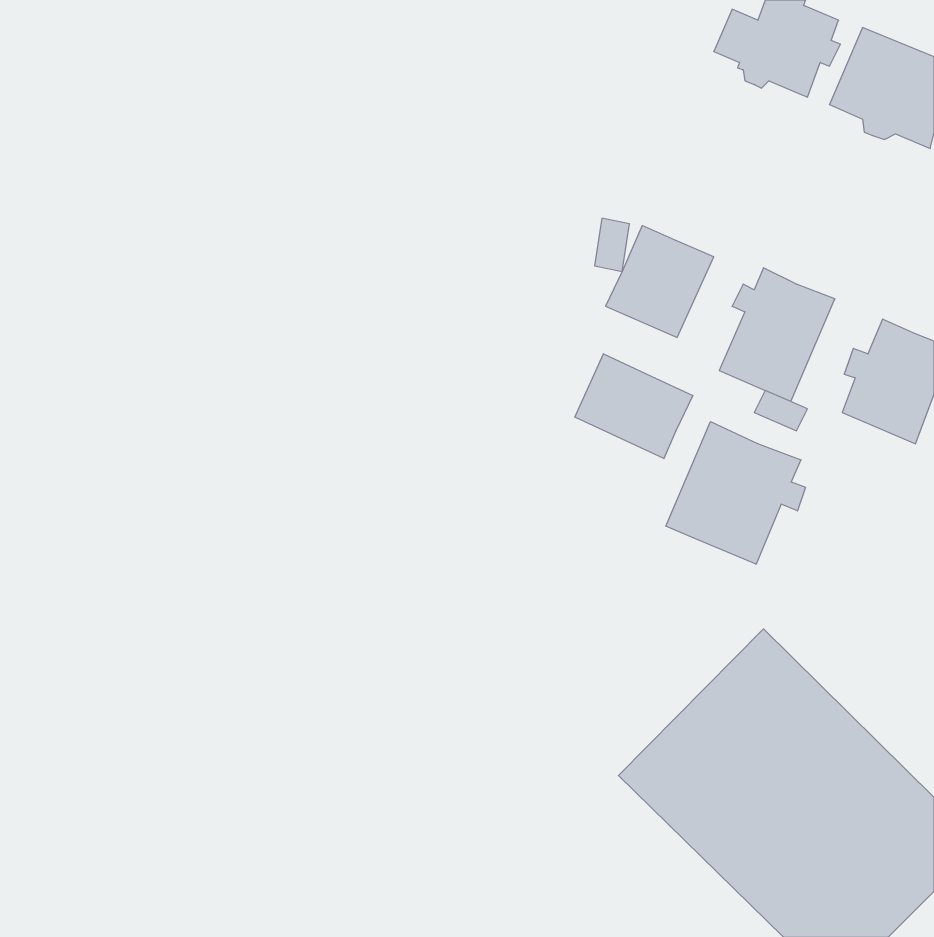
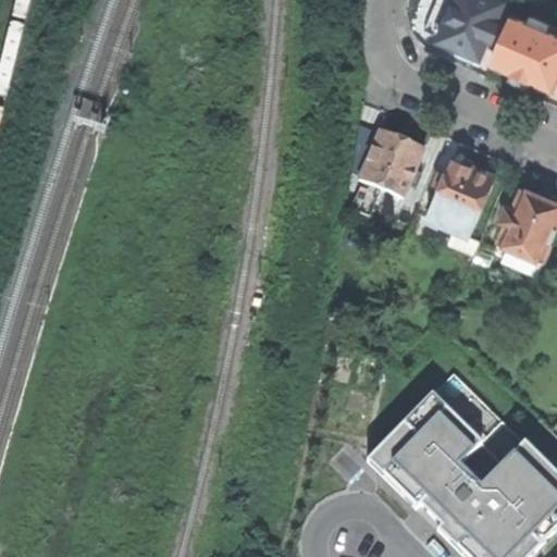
building: [575,354,693,459] -> none
building: [666,422,806,564] -> none

